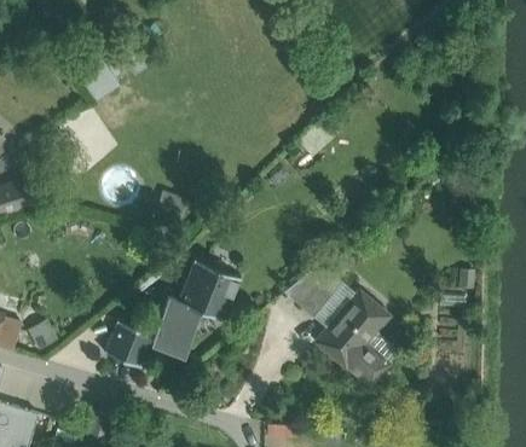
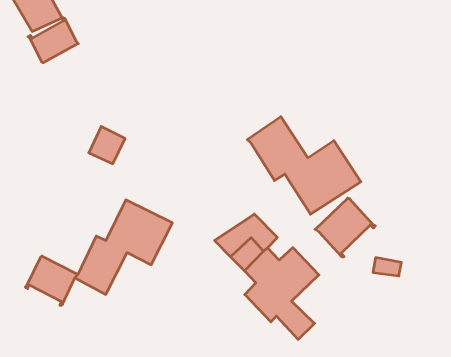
building: none -> [28,18,78,63]
building: none -> [247,117,361,214]
building: none -> [315,198,375,257]

